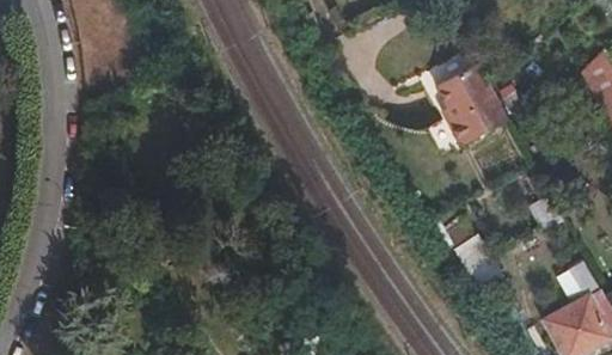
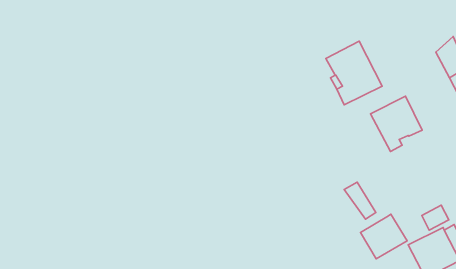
building: none -> [371,96,422,152]
building: none -> [361,214,407,259]

